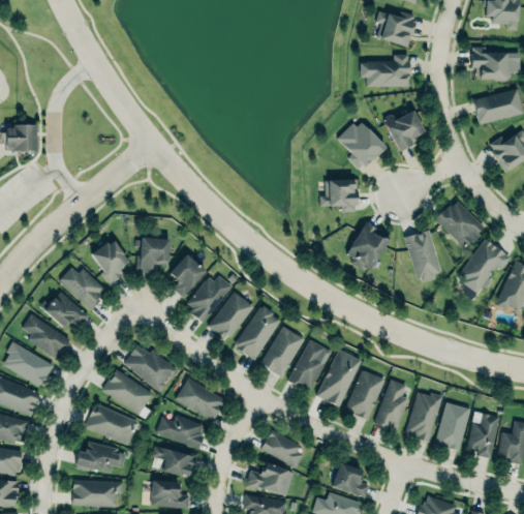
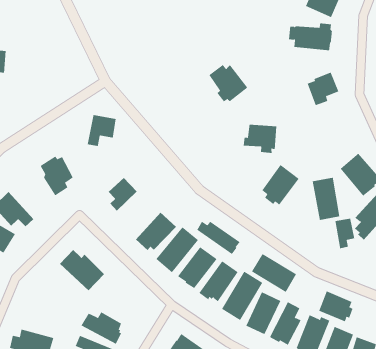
building: [338,123,386,168] -> [208,64,248,102]
building: [138,237,169,273] -> [87,115,117,147]
building: [59,268,104,310] -> none
building: [185,272,232,322] -> none
building: none -> [335,218,355,249]
building: none -> [196,221,240,255]
building: none -> [251,253,297,293]
building: none -> [318,291,353,322]
building: [102,369,153,415] -> none
building: [175,379,225,422] -> none
building: [85,405,138,445] -> none

